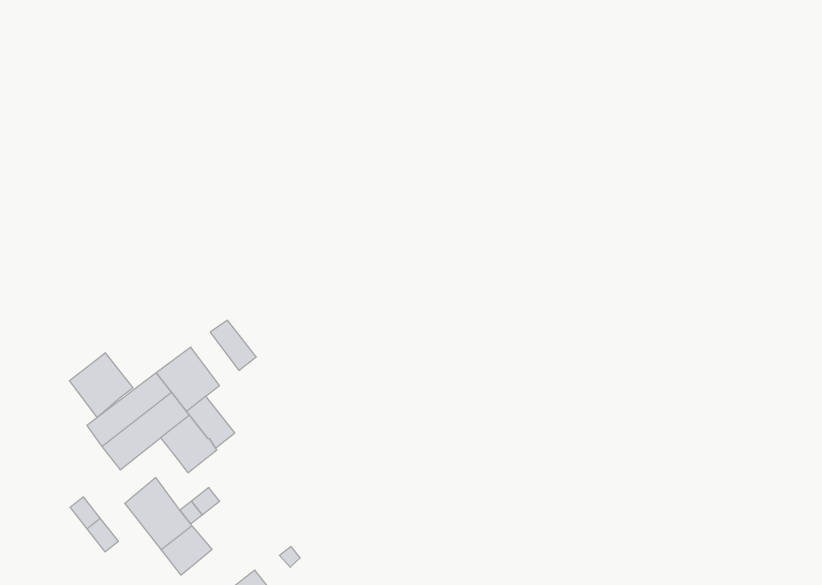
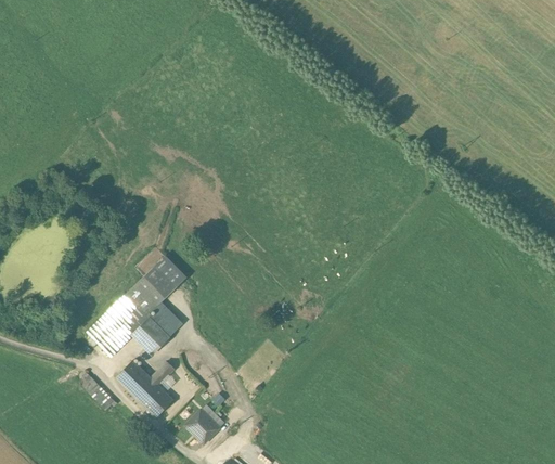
building: none -> [145,265,177,297]
building: [69,353,133,418] -> none

